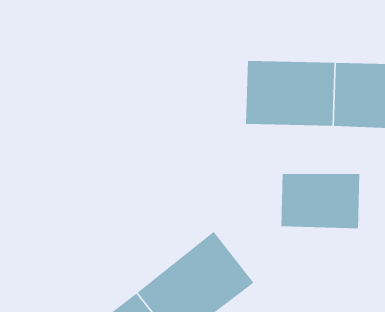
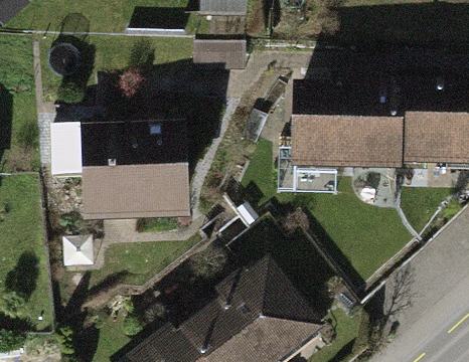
building: none -> [51,126,181,216]
building: [280,173,360,229] -> none

